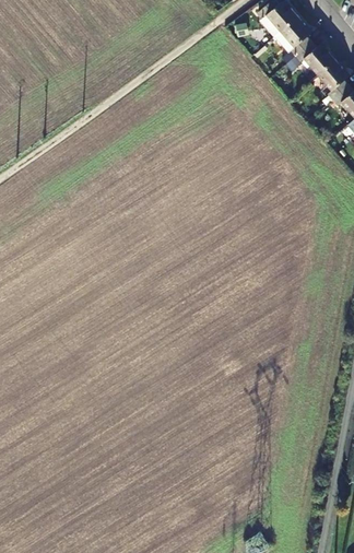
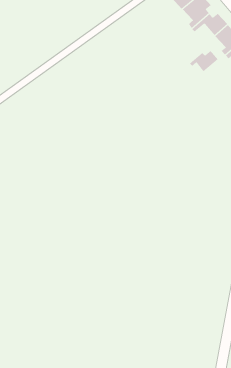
building: none -> [189,50,218,72]

